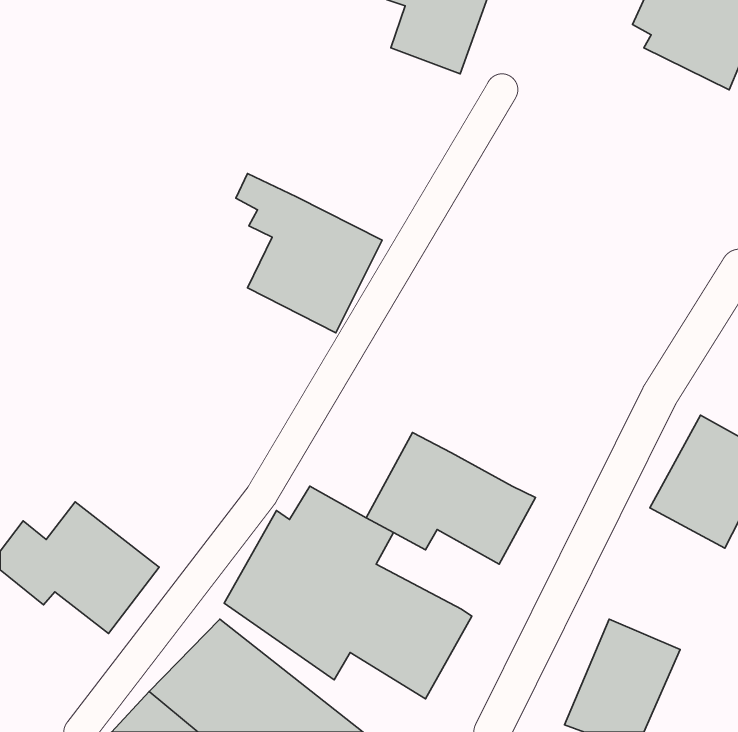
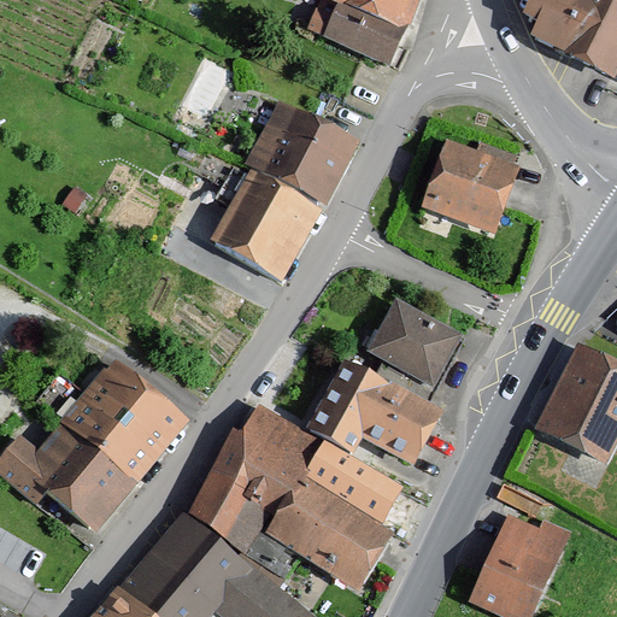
building: none -> [248,100,352,200]
building: none -> [423,142,522,237]
building: none -> [370,301,465,405]
building: none -> [64,353,180,469]
building: none -> [315,443,400,507]

